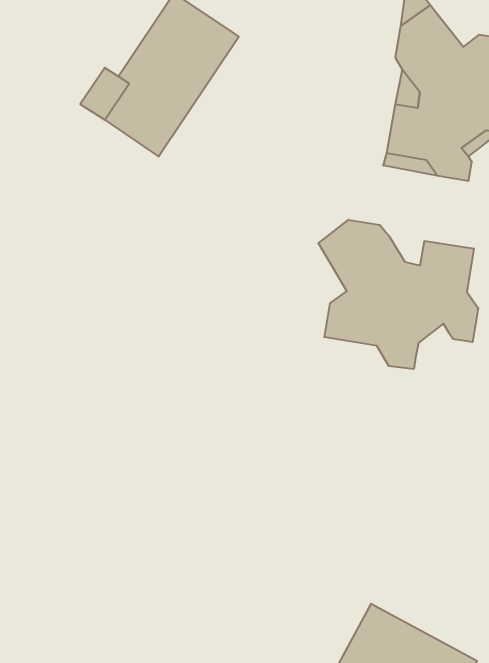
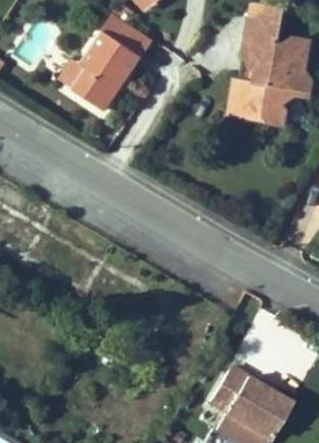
building: [318,220,478,369] -> none

